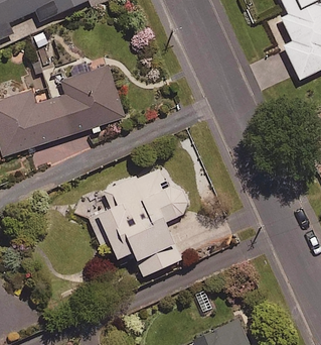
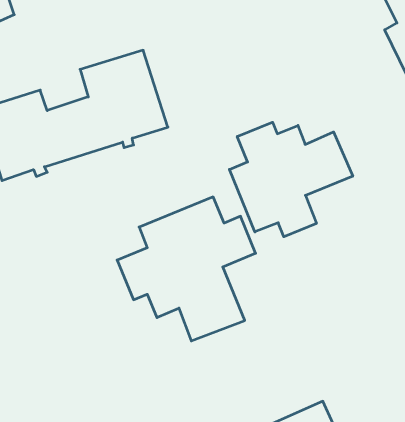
building: none -> [229,122,353,237]

